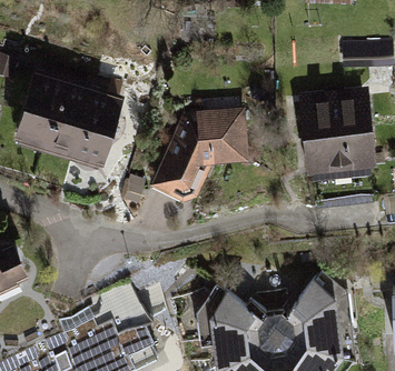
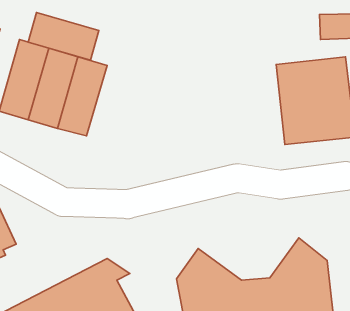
building: none -> [28,13,99,60]
building: [150,110,249,203] -> none

